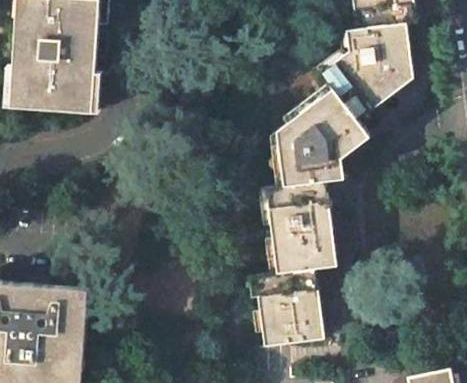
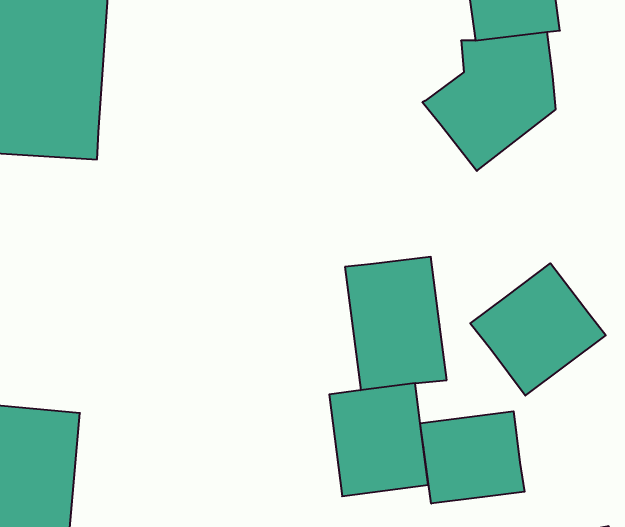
building: [276,89,369,186] -> none
building: none -> [470,263,606,396]
building: none -> [420,411,525,504]

